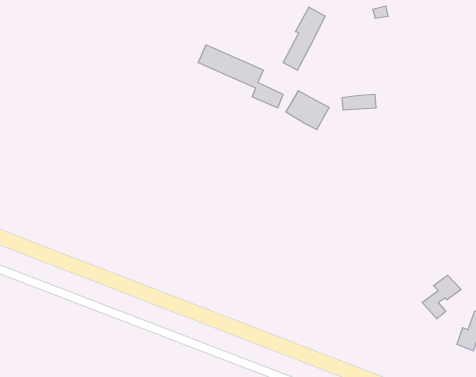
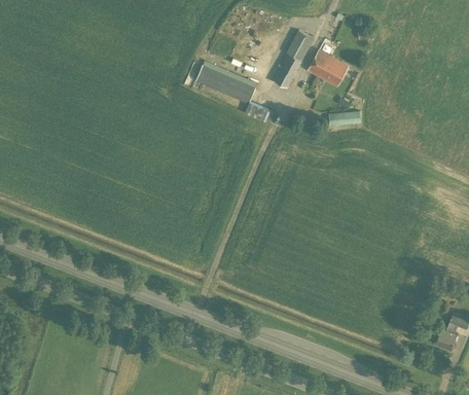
building: [286,91,329,129] -> [309,50,349,86]
building: [422,275,461,319] -> none

